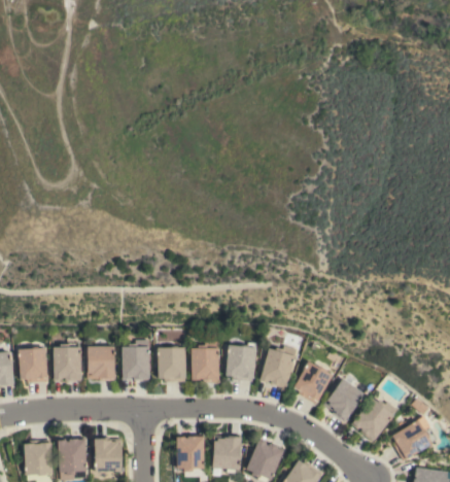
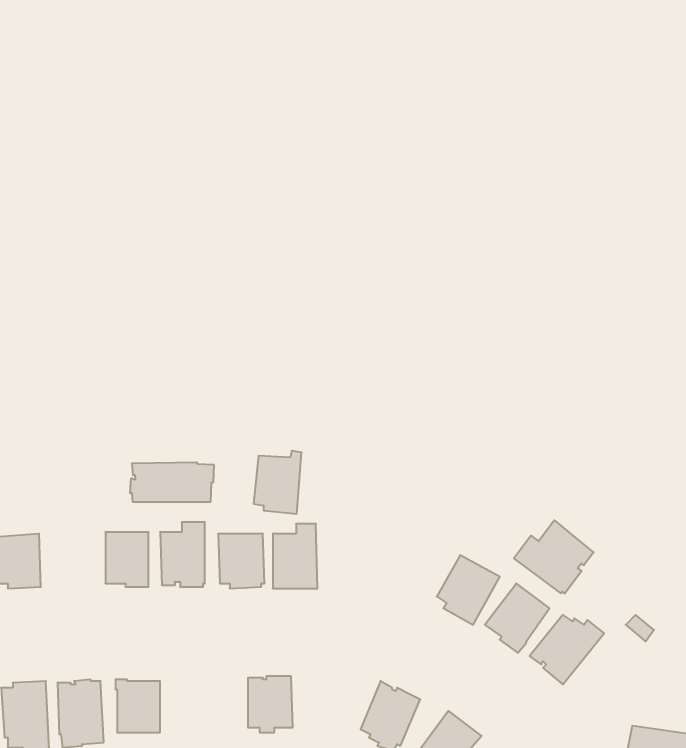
building: none -> [130,462,214,502]
building: none -> [514,520,594,594]
building: [226,342,255,381] -> [254,451,302,514]
building: [54,344,81,380] -> none
building: [259,345,297,387] -> none
building: [391,416,437,459] -> none
building: [212,435,241,473] -> none

